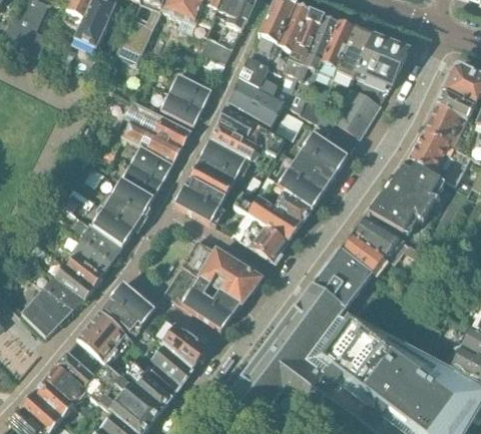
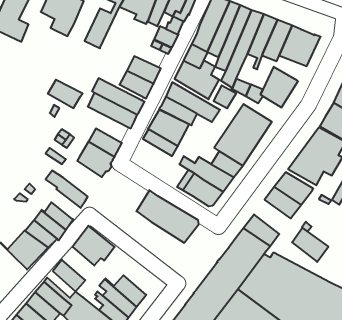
building: [131,143,174,178] -> [48,80,83,108]
building: [173,173,225,221] -> none
building: [91,200,138,245] -> none
building: [73,236,112,273] -> none
building: [327,249,372,291] -> [292,228,328,262]
building: [162,263,241,326] -> none
building: [89,310,125,345] -> none
building: [156,318,207,366] -> none

